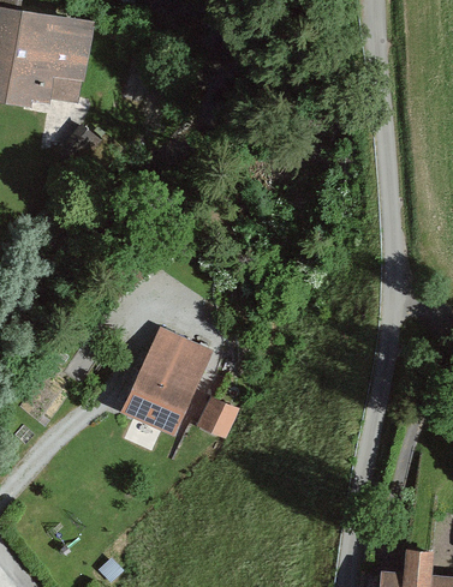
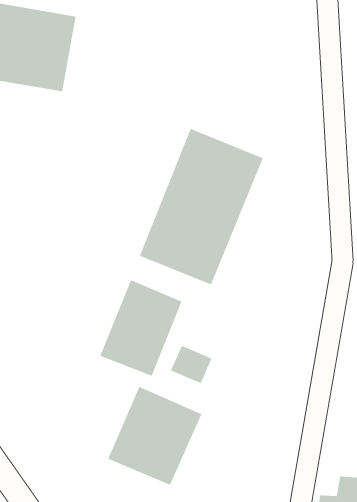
building: none -> [139,128,264,285]
building: none -> [107,386,203,486]

